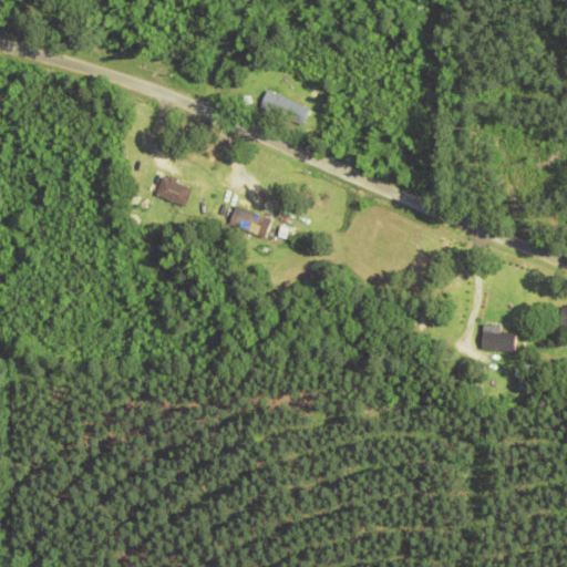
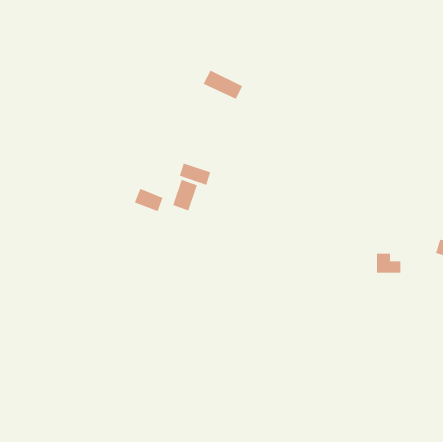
building: [155,176,193,207] -> [134,188,163,212]
building: none -> [172,179,198,211]

